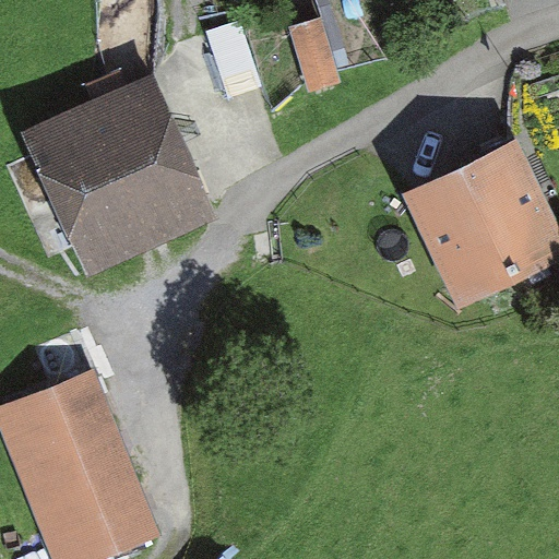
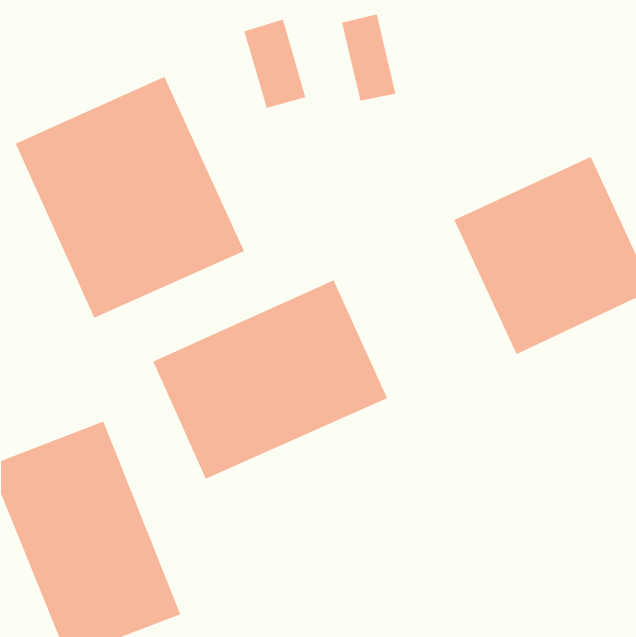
building: none -> [152,280,388,479]

